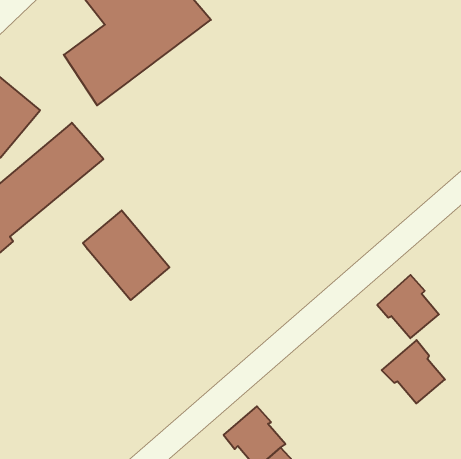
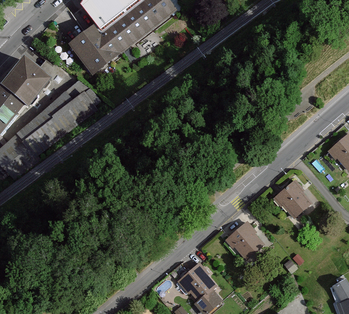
building: [83,210,169,300] -> none
building: [382,340,445,403] -> [223,220,263,260]

